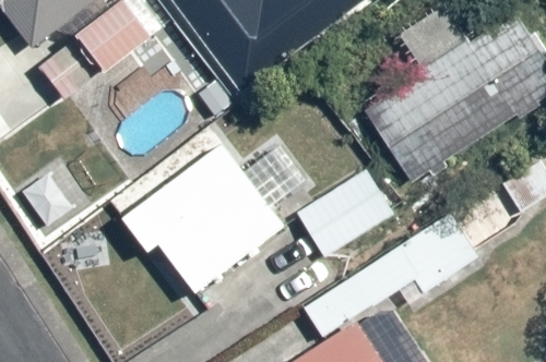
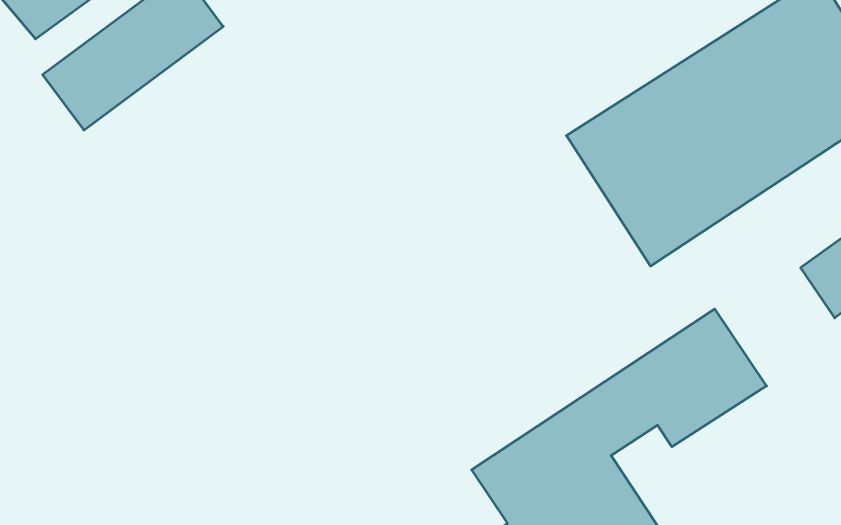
building: [120,141,285,294] -> none
building: [294,167,393,256] -> none

